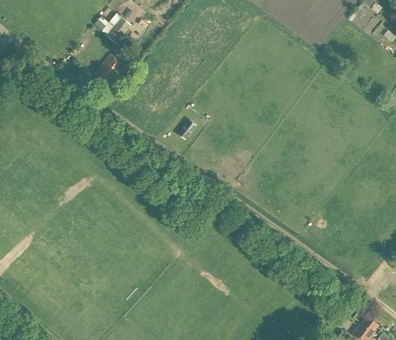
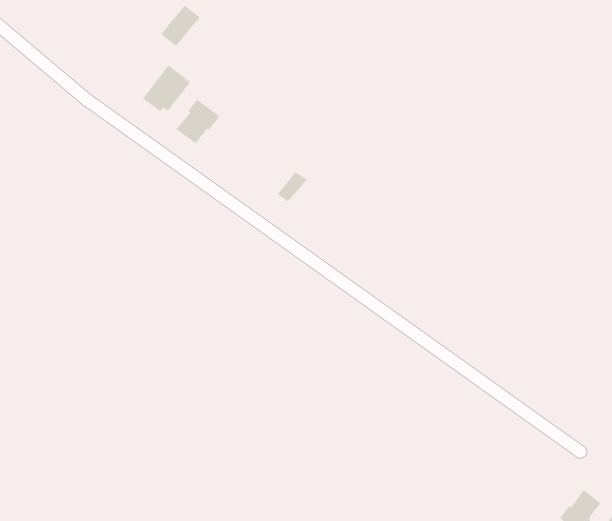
building: none -> [175,99,220,144]

